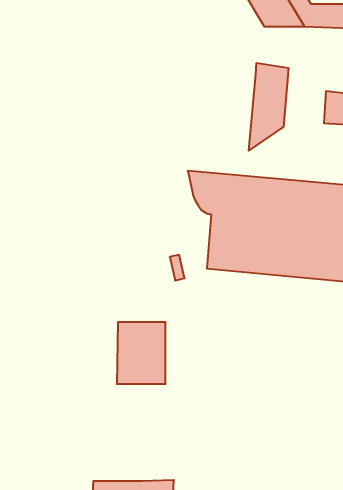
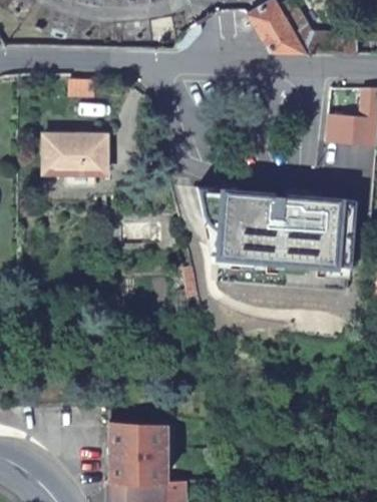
building: [249,63,288,151] -> none
building: none -> [42,132,106,173]
building: [117,322,166,384] -> [109,423,155,481]

